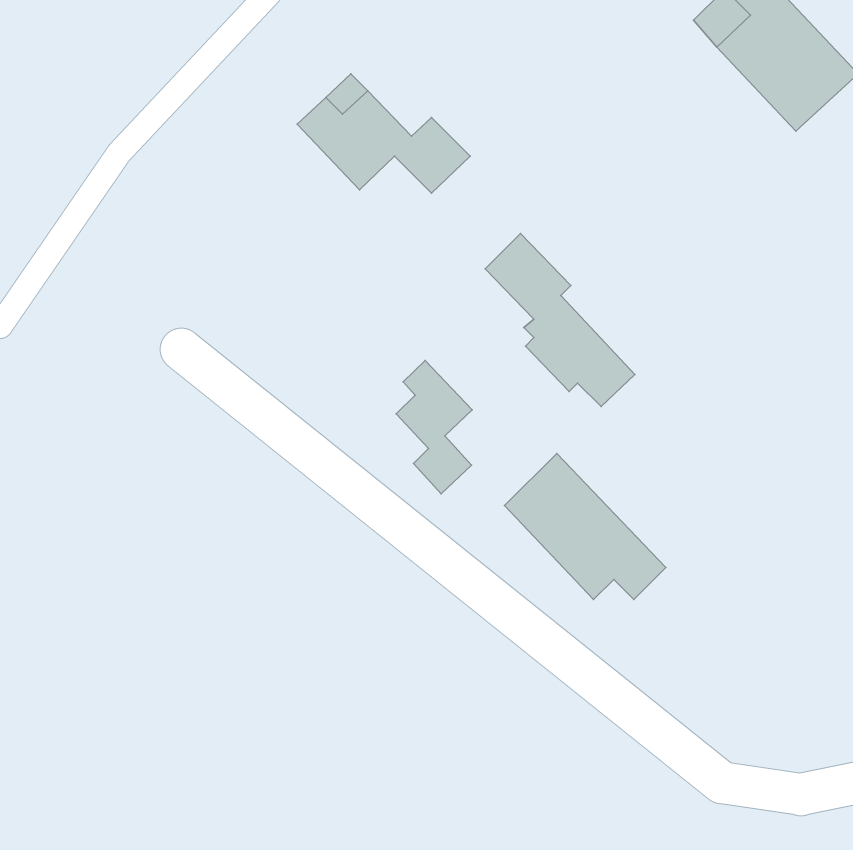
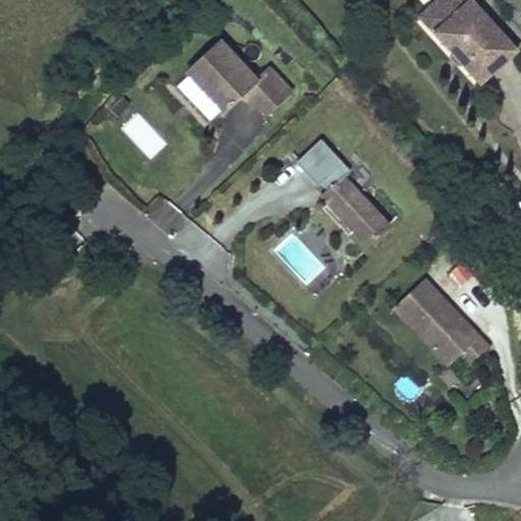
building: [396,361,472,494] -> none
building: [505,453,666,600] -> [393,273,490,361]

